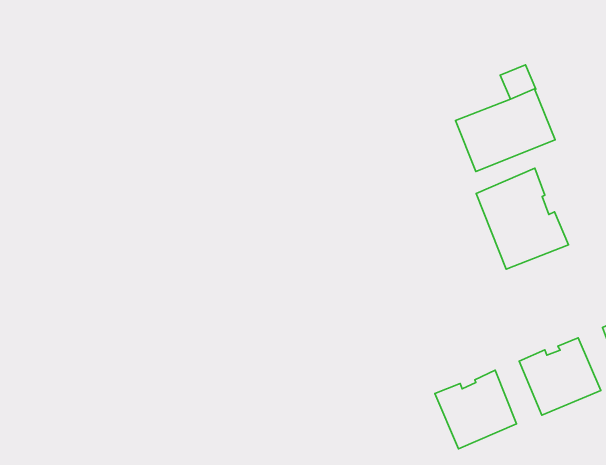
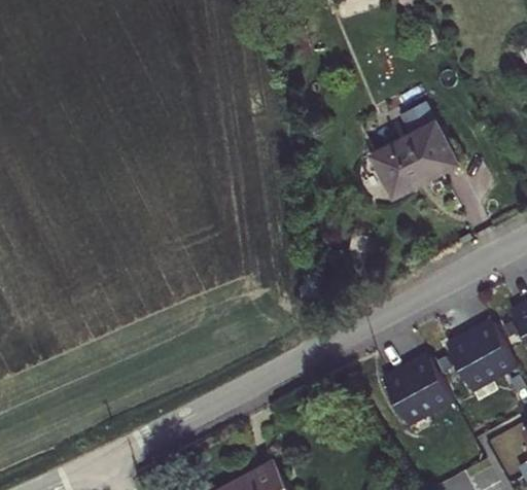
building: [476,168,568,269] -> none

